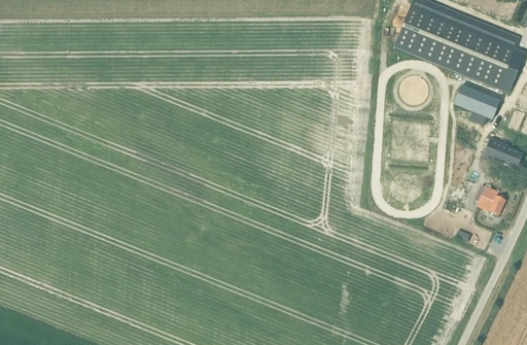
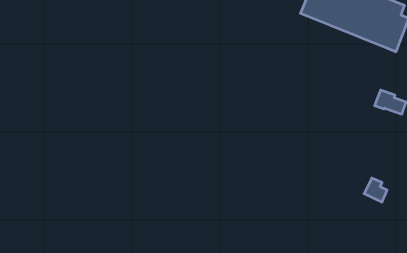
building: [453,85,499,119] -> none
building: [477,185,504,214] -> [364,178,387,202]

